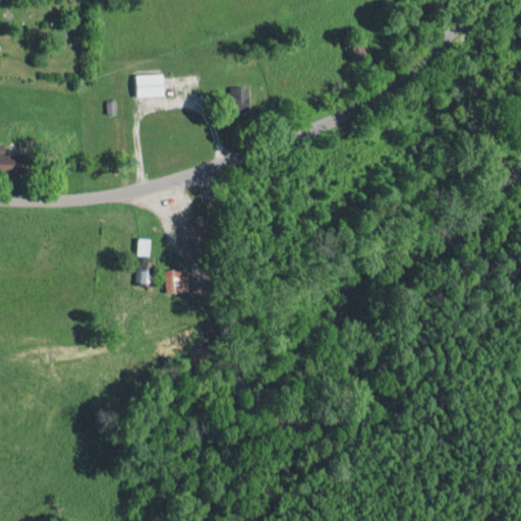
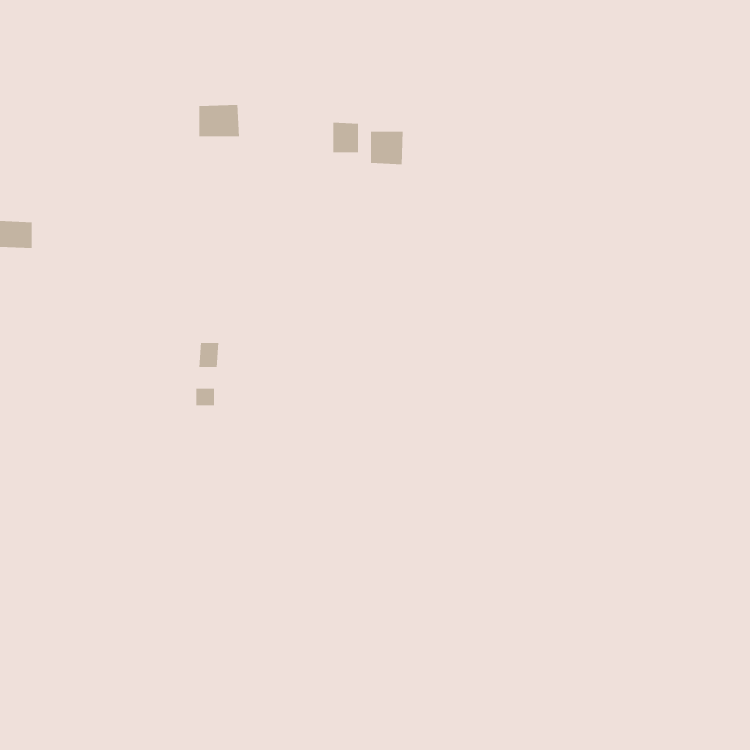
building: none -> [370,131,403,165]
building: [164,269,186,293] -> none

